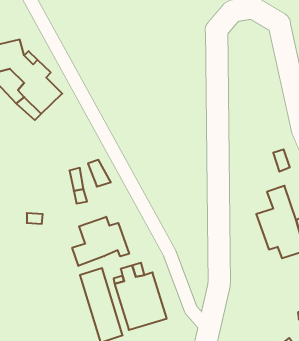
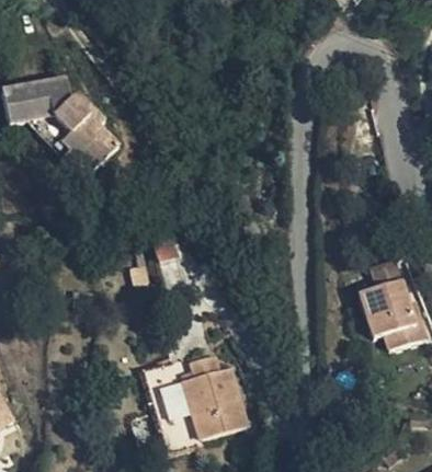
building: [72,217,129,266] -> none

